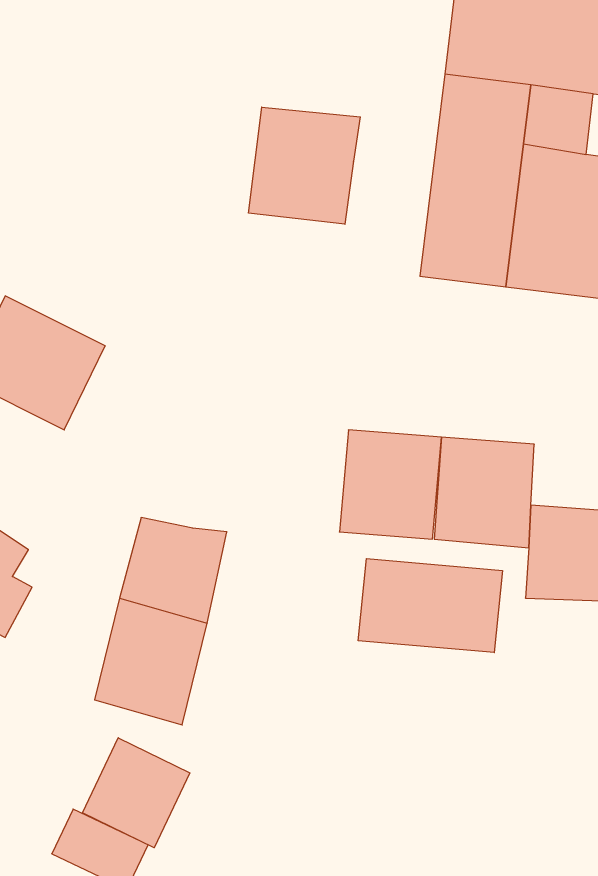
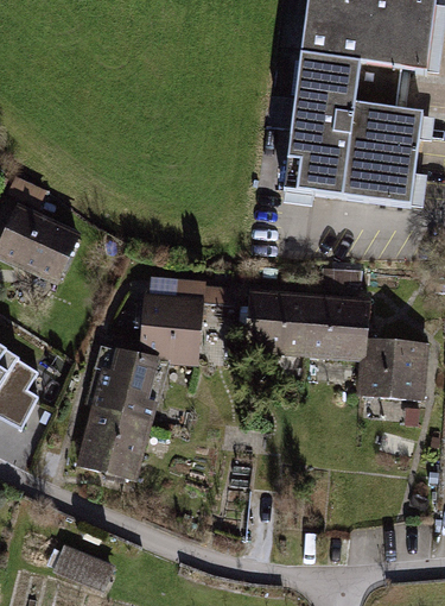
building: [249,107,360,224] -> none
building: none -> [140,283,233,358]
building: [358,559,502,653] -> none
building: [83,738,190,848] -> none

